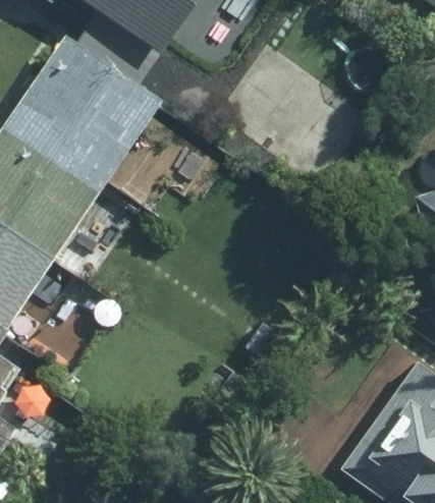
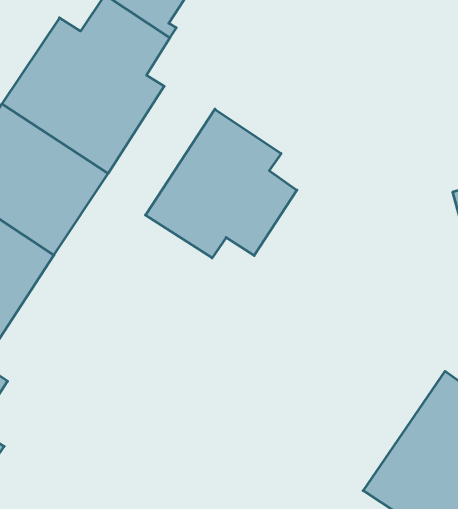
building: none -> [145,109,297,258]

